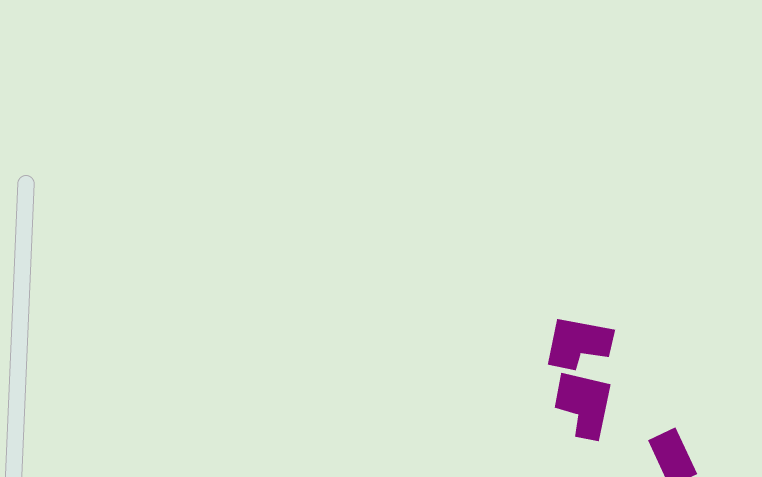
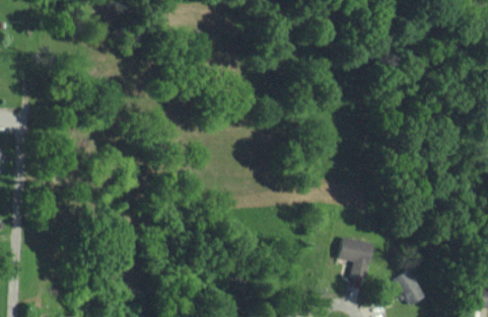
building: [547,318,616,371] -> none

